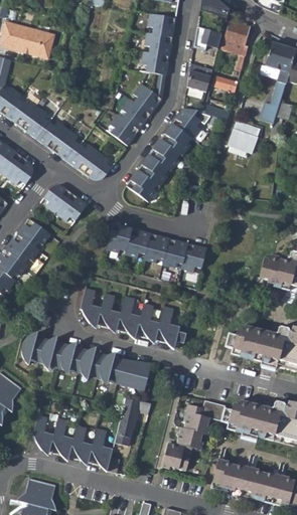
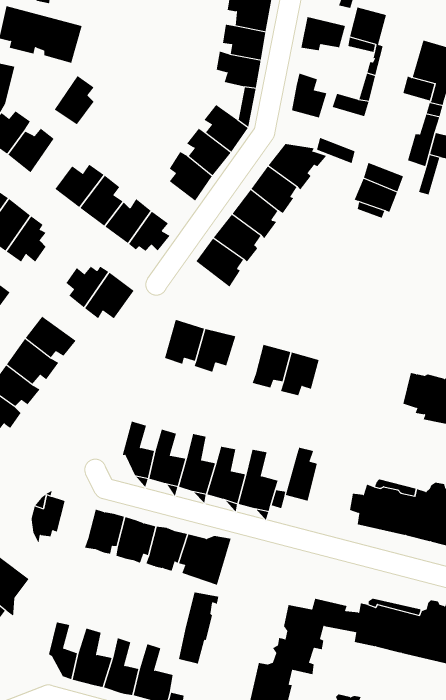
building: [21,105,47,137] -> [54,75,94,125]
building: [146,231,170,260] -> none
building: none -> [285,447,318,501]
building: [37,337,62,365] -> none

